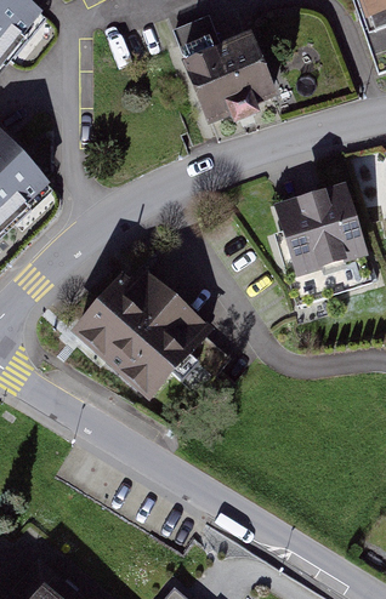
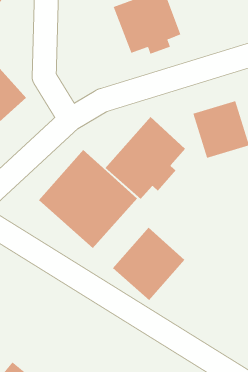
building: none -> [105,116,186,200]
building: none -> [112,227,185,301]

